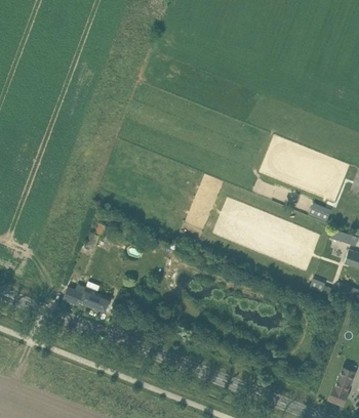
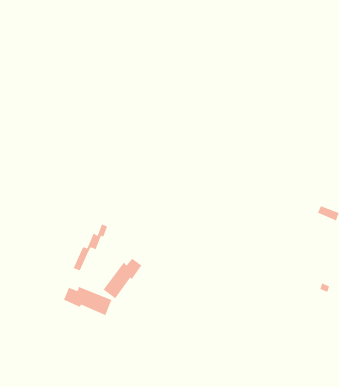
building: none -> [103,258,142,299]

